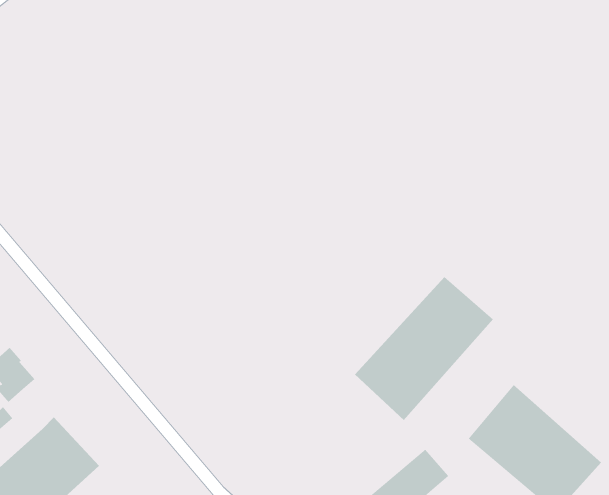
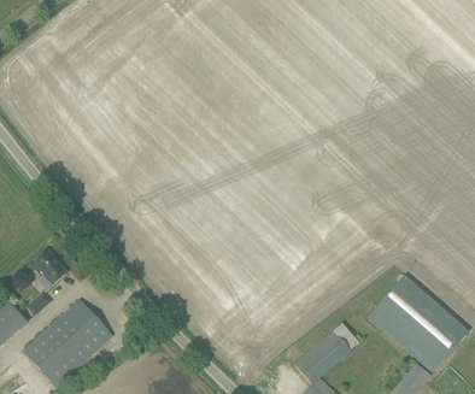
building: [354,276,494,421] -> none

